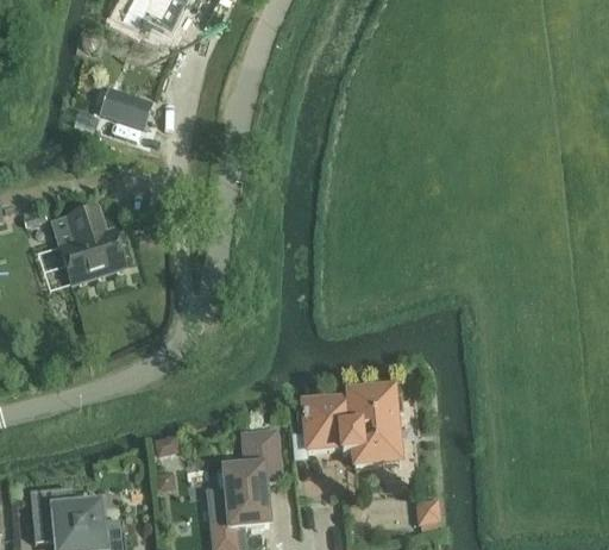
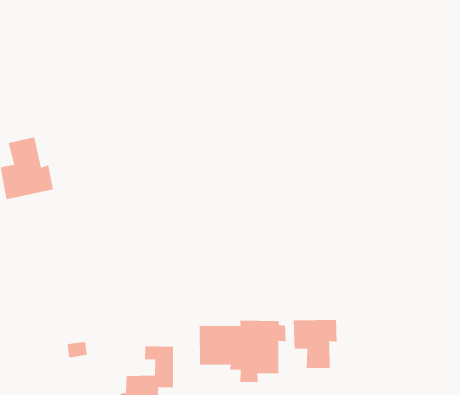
building: [100,88,150,125] -> none
building: none -> [293,319,337,369]

